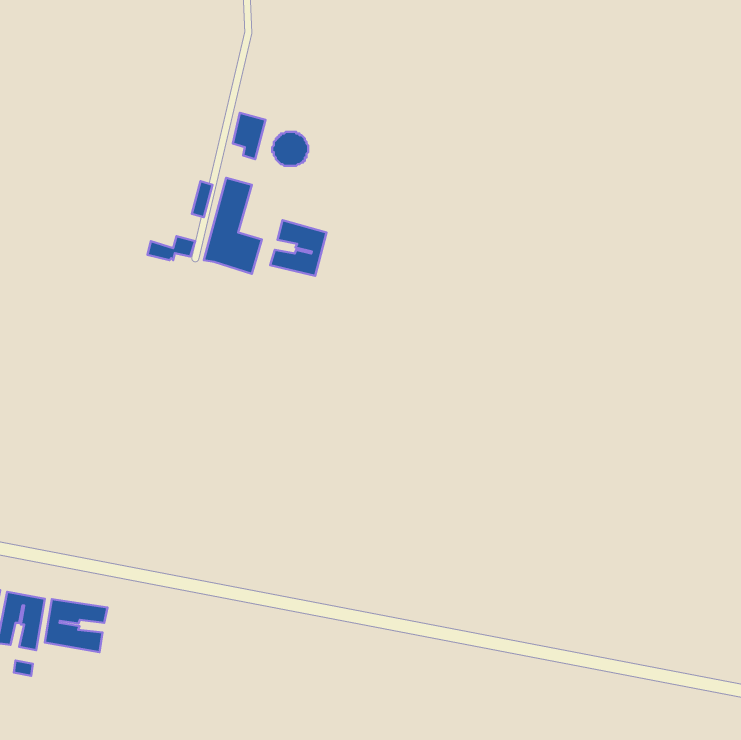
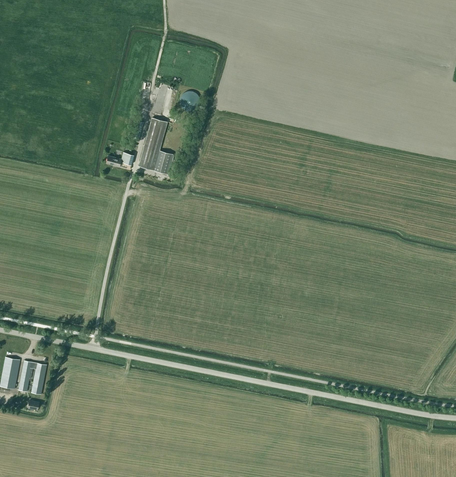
building: [270,220,326,276] -> none
building: [45,599,107,652] -> none

